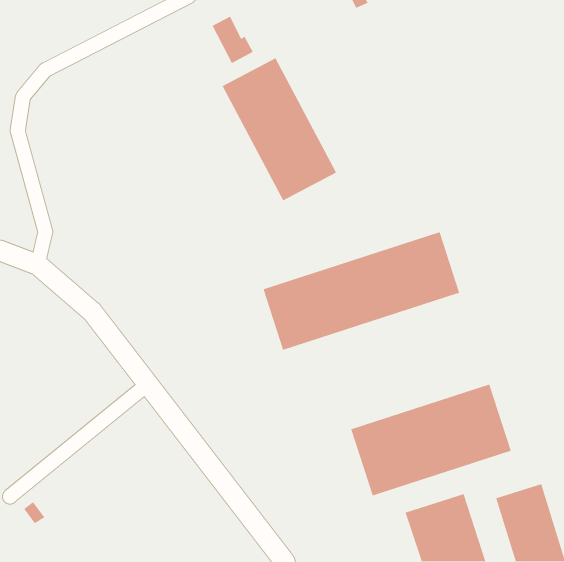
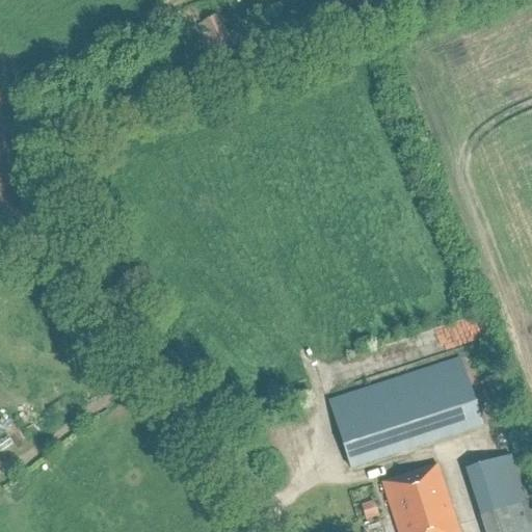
building: [222,57,337,201] -> none
building: [263,231,460,351] -> none

